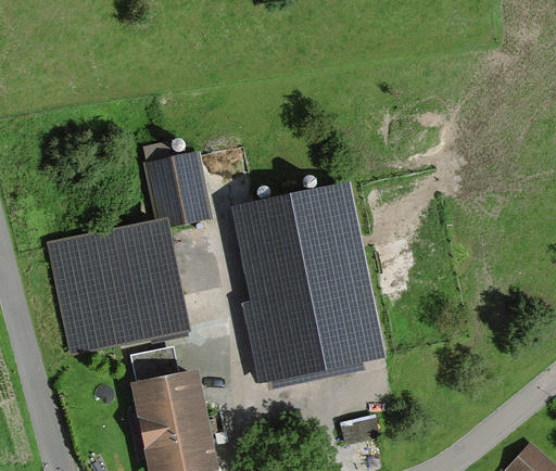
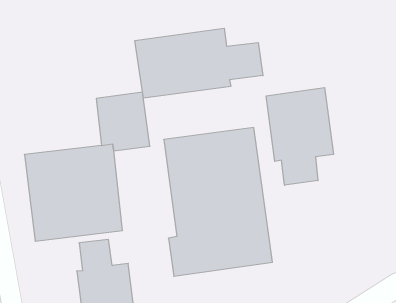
building: none -> [135,28,263,98]
building: none -> [266,88,334,185]

